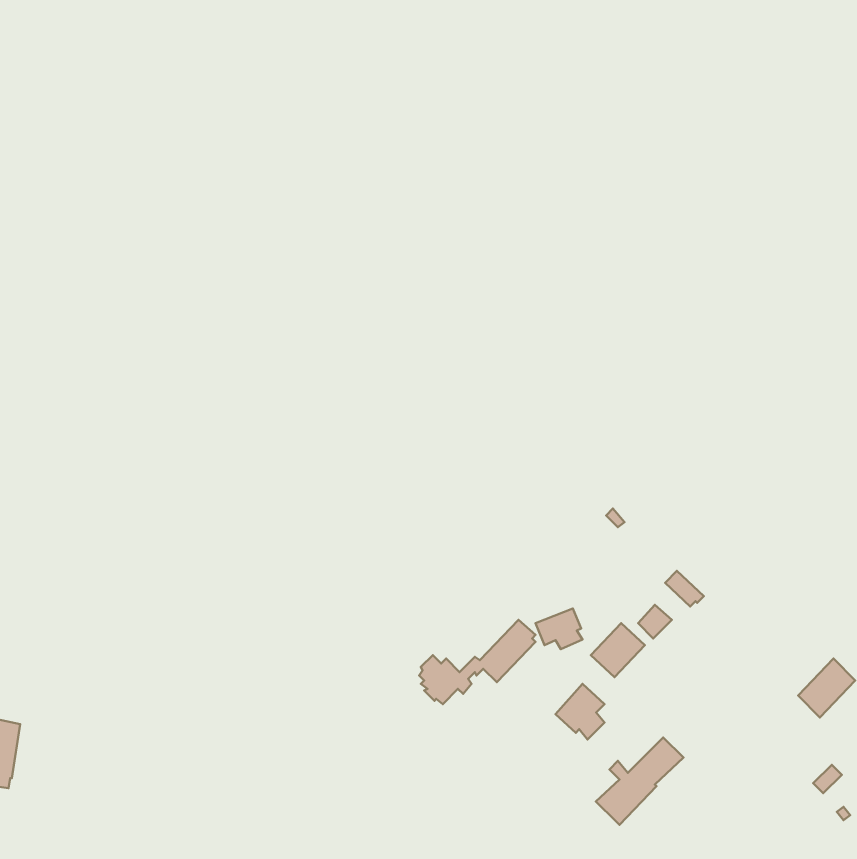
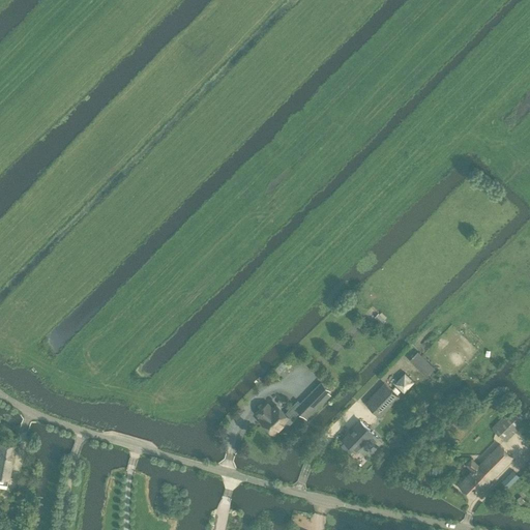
building: [536,608,582,649] -> none
building: [596,737,683,825] -> [457,445,510,499]

